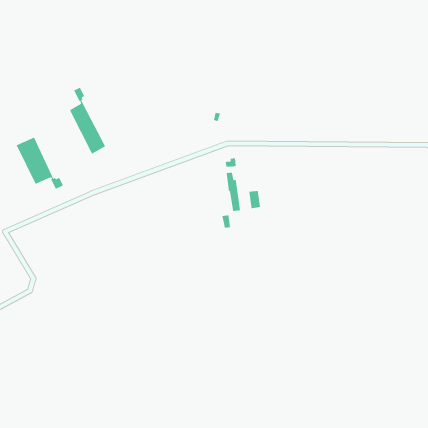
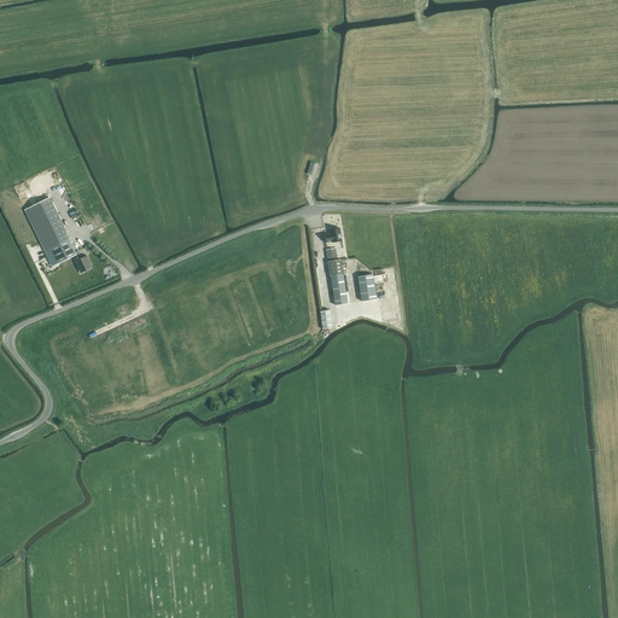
building: [69,87,106,155] -> none

